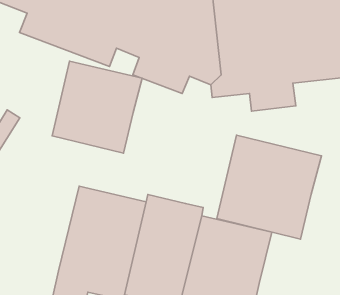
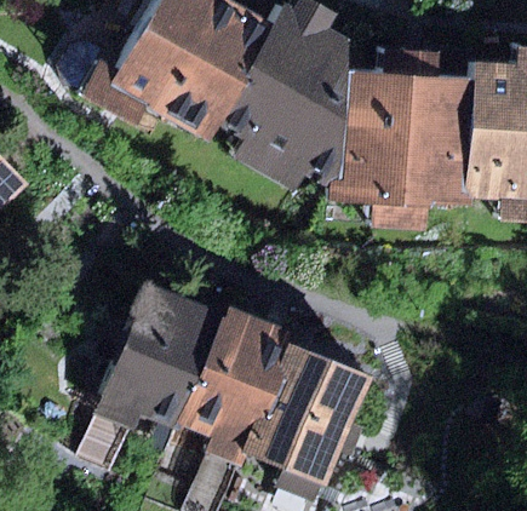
building: [52,61,142,153] -> none
building: [217,135,321,239] -> none

